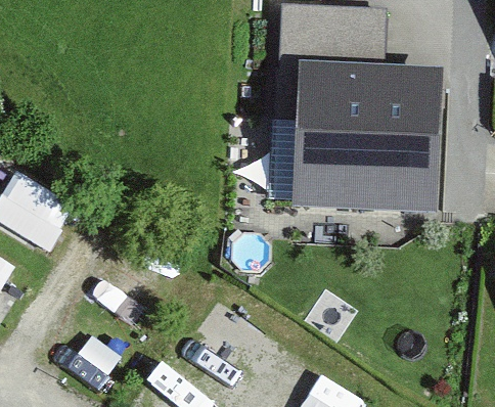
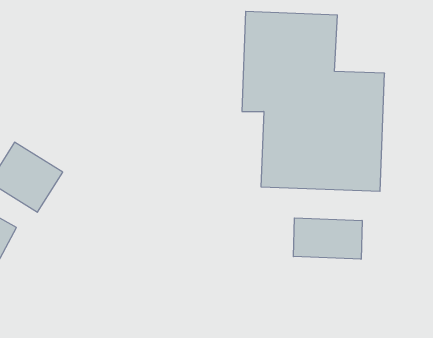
building: none -> [293,218,362,259]

